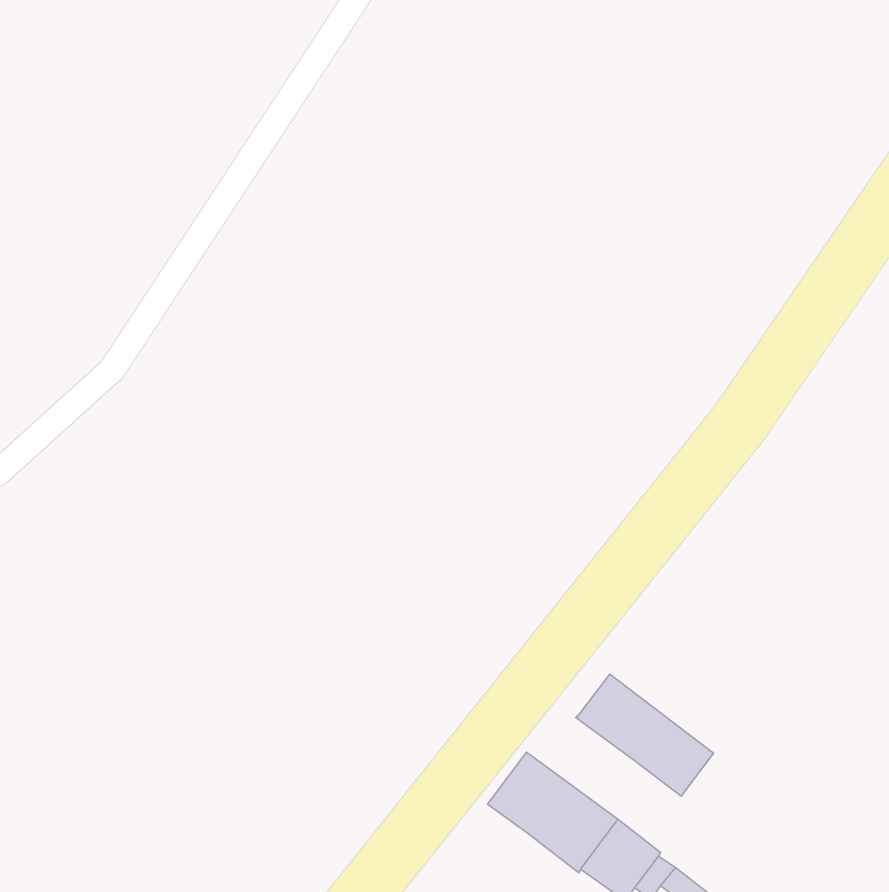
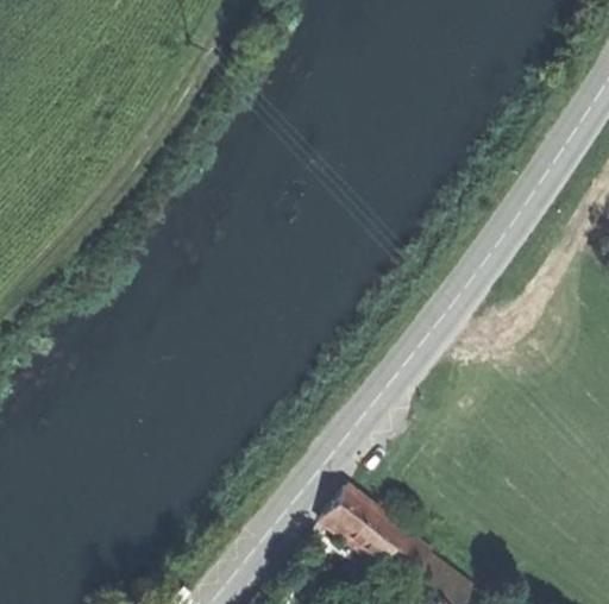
building: [576,674,714,796] -> none

